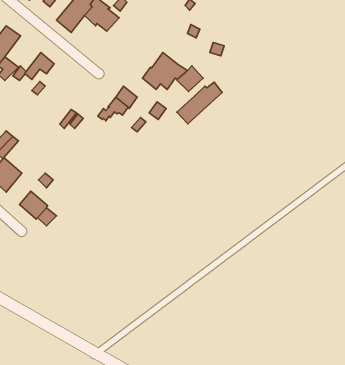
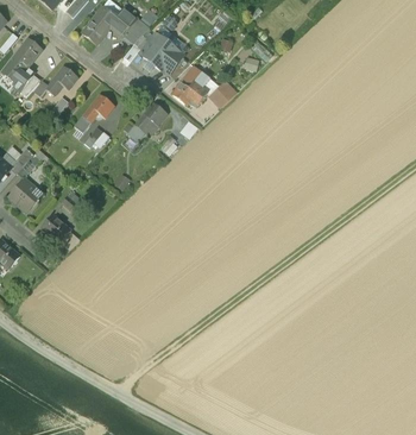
building: none -> [139,31,183,72]
building: none -> [75,94,114,131]
building: [177,82,222,124] -> none

